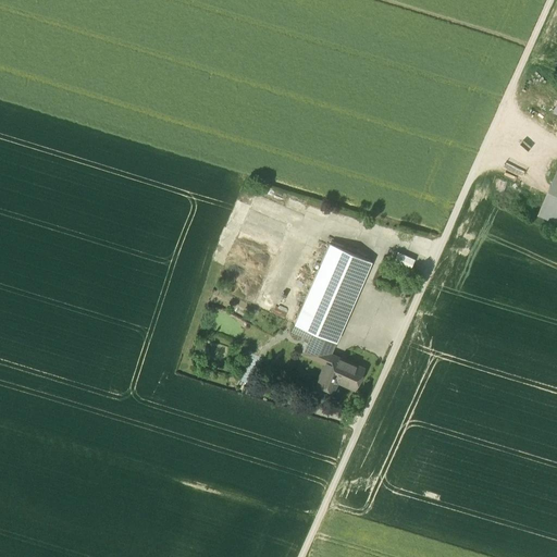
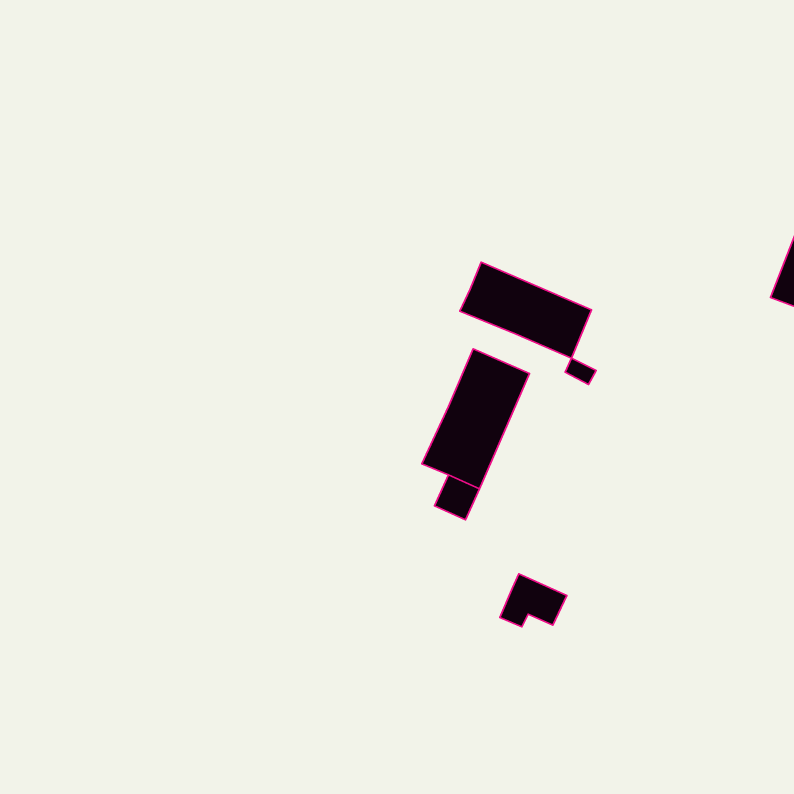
building: none -> [460,262,592,358]
building: [318,355,364,392] -> [500,574,567,627]

